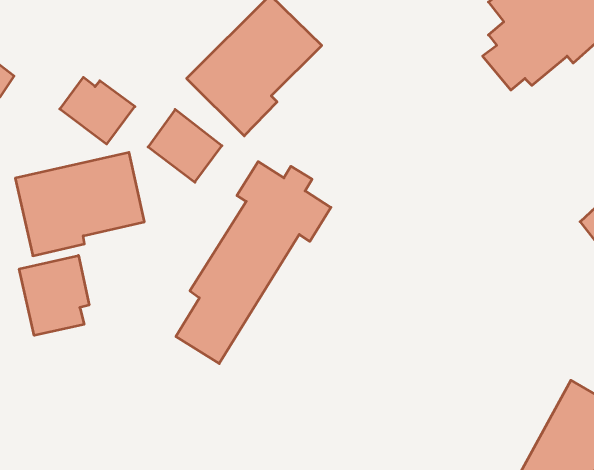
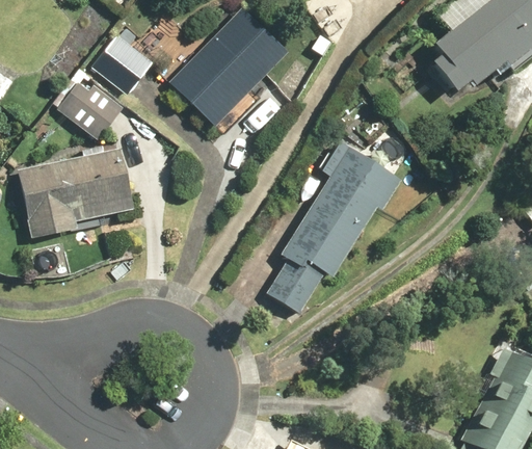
building: [148,109,222,182] -> [86,29,152,94]
building: [176,162,331,364] -> [267,139,404,318]
building: [19,255,89,335] -> none

